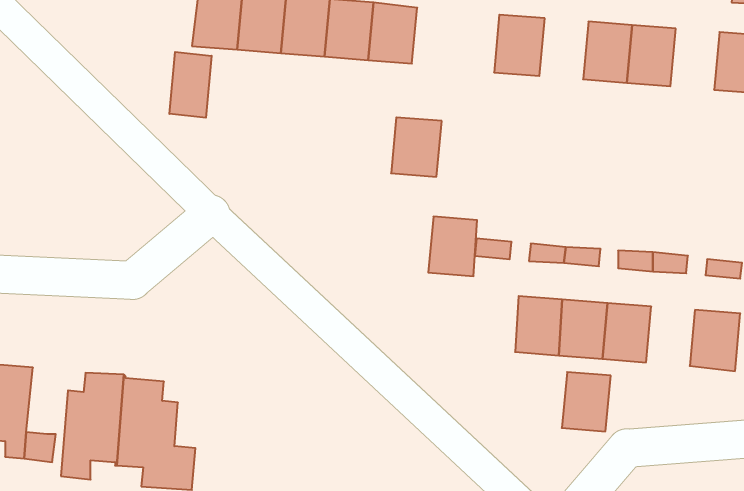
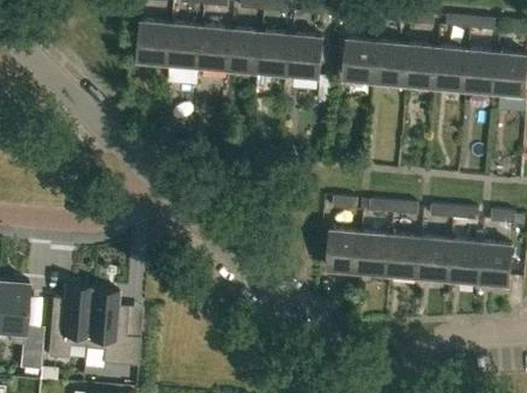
building: none -> [375,43,408,85]
building: none -> [465,50,498,92]
building: [169,52,212,118] -> none
building: [391,117,442,177] -> [287,36,322,77]
building: [428,217,477,276] -> [327,231,361,272]
building: [562,372,611,431] -> [448,241,481,282]

